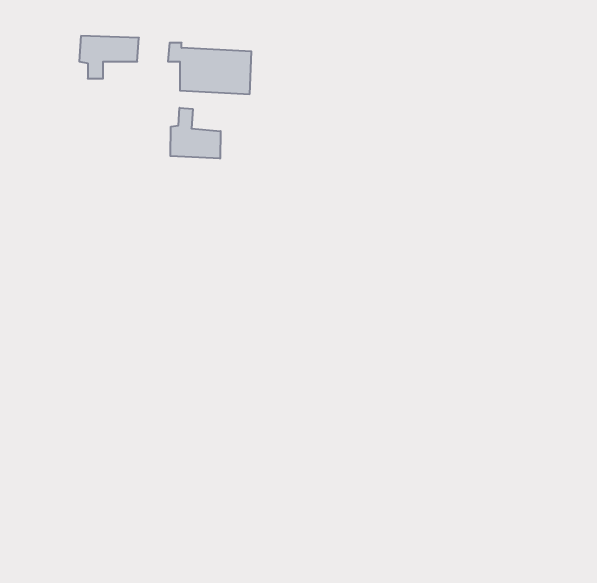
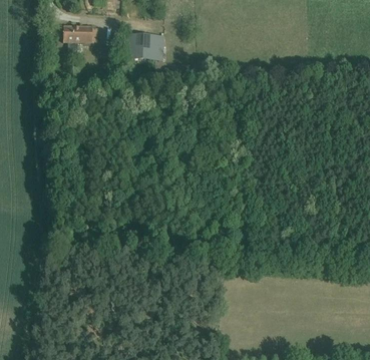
building: [170,108,221,159] -> none

